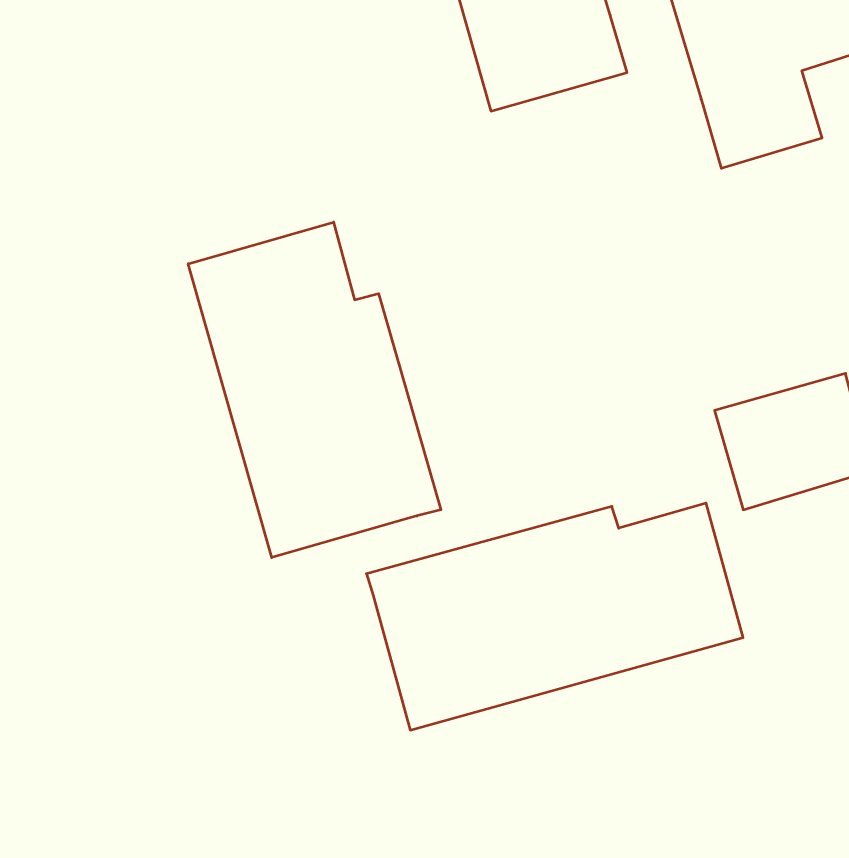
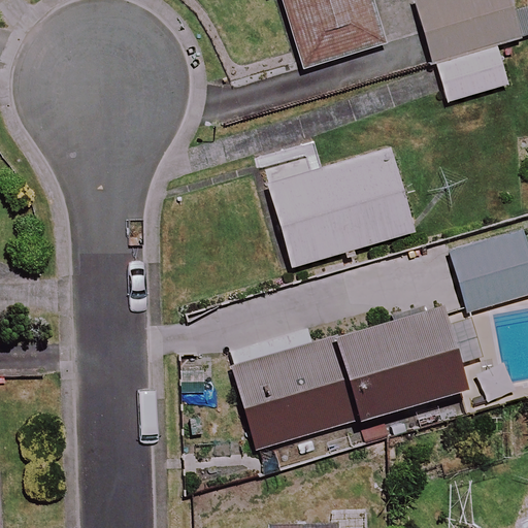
building: [188,222,441,558] -> none
building: none -> [263,150,416,269]

